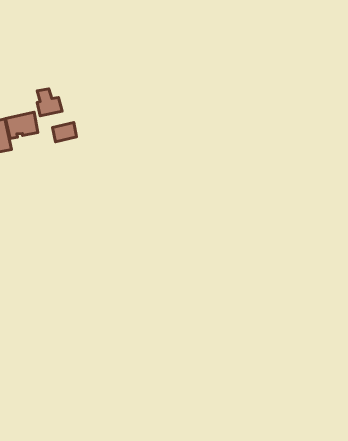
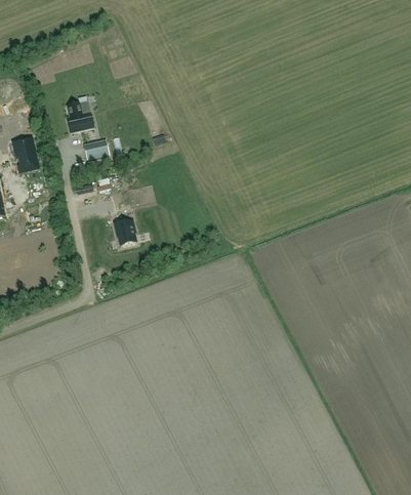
building: [5,112,38,138] -> none
building: none -> [114,219,137,245]

